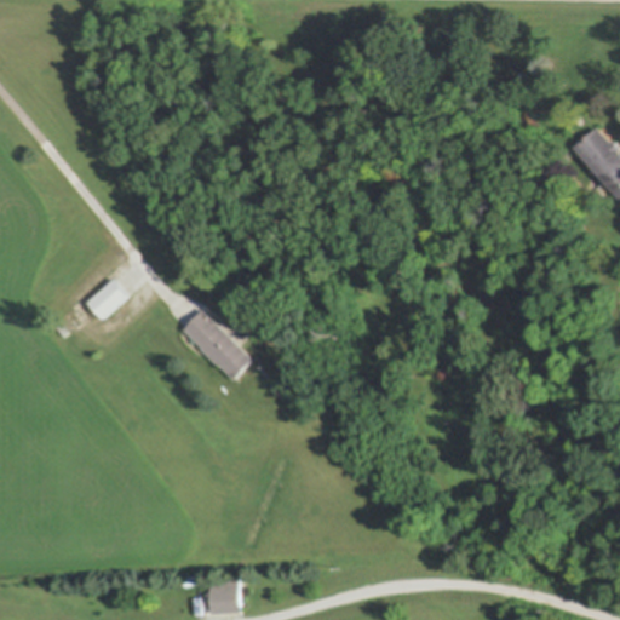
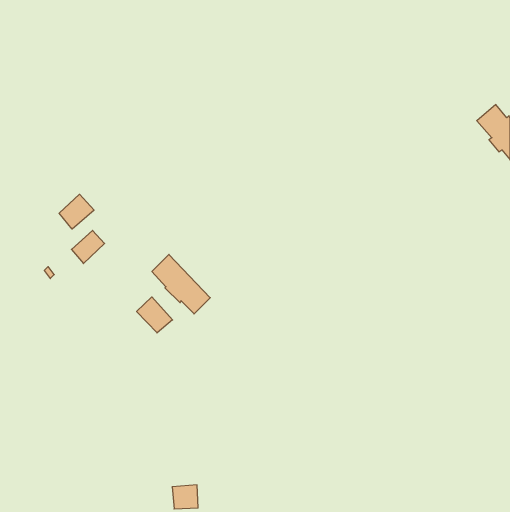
building: none -> [59,194,94,229]
building: none -> [137,297,173,333]

